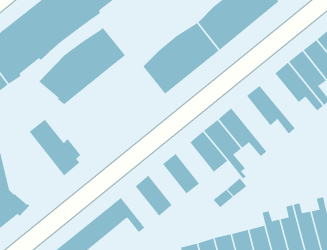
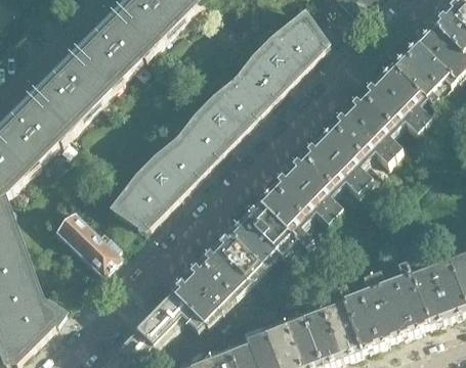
building: [39,27,126,105] -> [113,134,210,229]
building: none -> [319,125,375,191]
building: none -> [289,154,343,216]
building: none -> [230,216,277,262]
building: none -> [202,244,248,290]
building: none -> [173,274,219,320]

